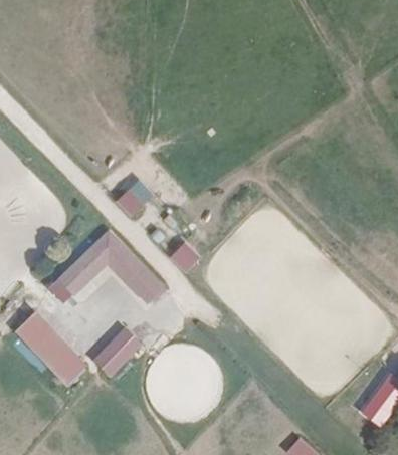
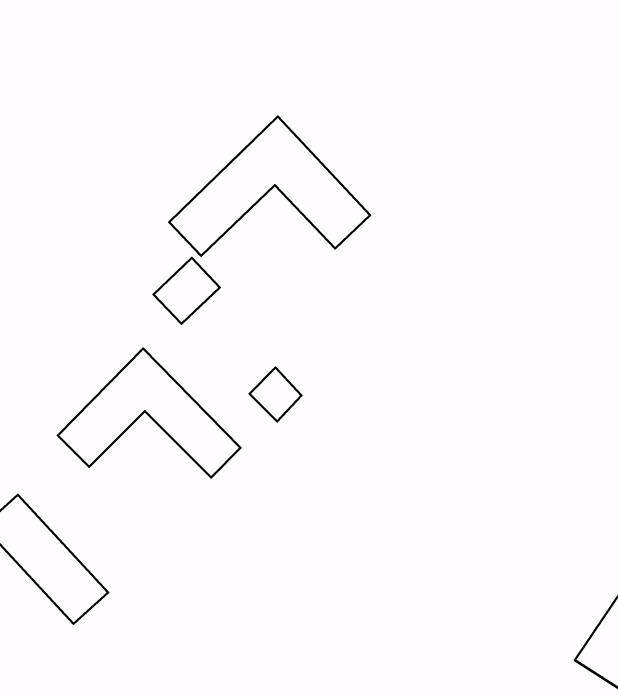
building: none -> [169,116,370,256]
building: [90,324,142,376] -> none

